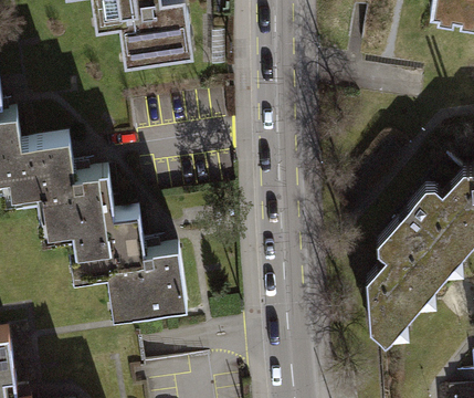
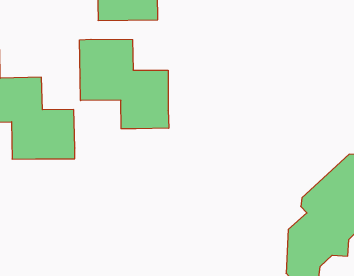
building: none -> [80,39,169,129]
building: [73,213,187,316] -> none

